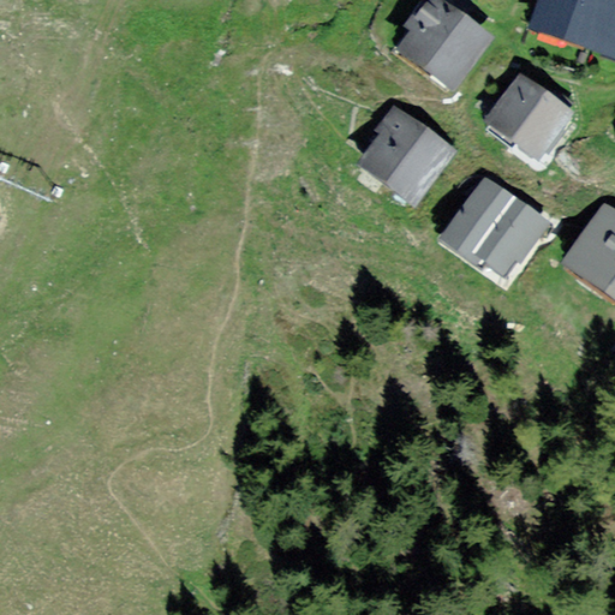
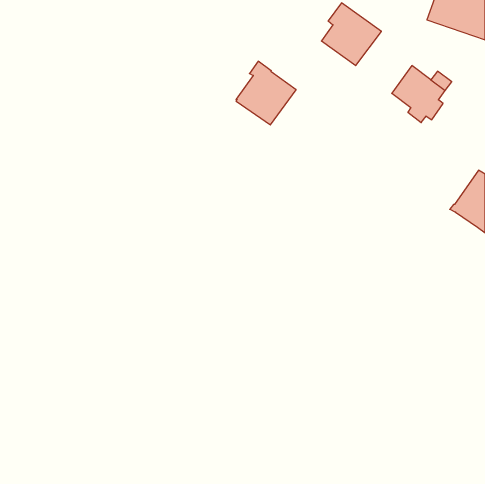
building: [368,115,443,196] -> [236,61,296,125]
building: [449,187,533,267] -> none

